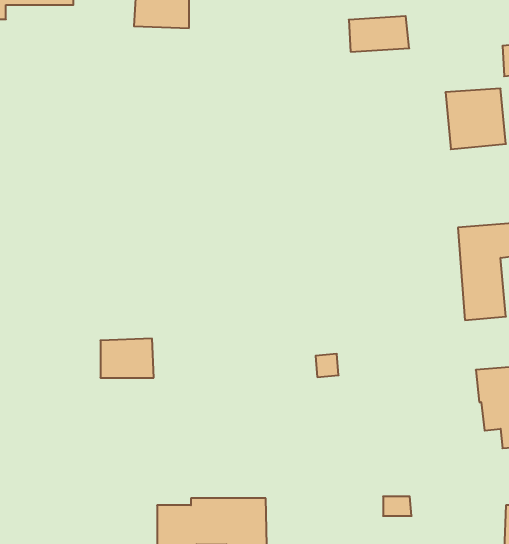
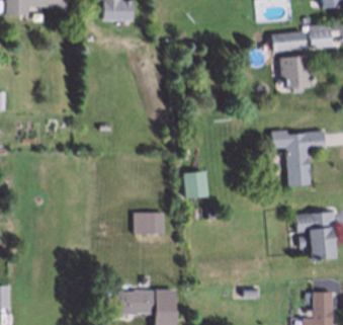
building: [349,16,409,52] -> [272,31,307,52]
building: none -> [183,171,208,197]
building: [100,339,154,378] -> [135,212,165,234]

